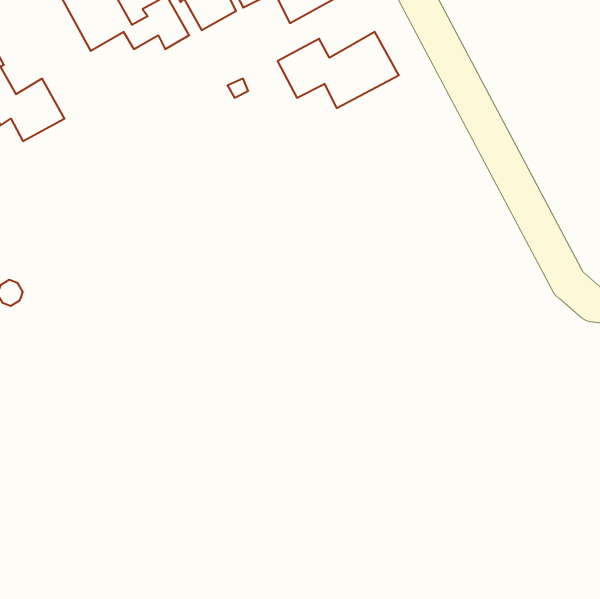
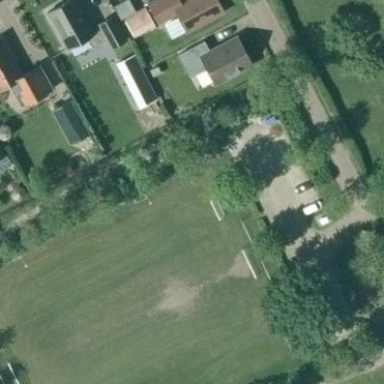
building: none -> [116,55,157,110]
building: none -> [51,100,87,141]

